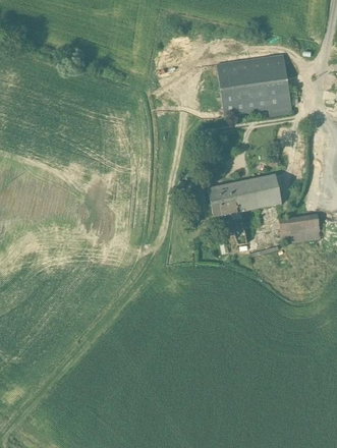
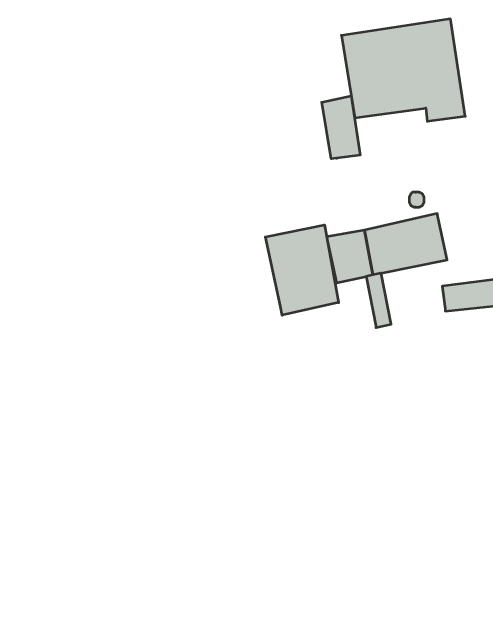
building: none -> [322,96,360,159]
building: none -> [265,225,339,315]

